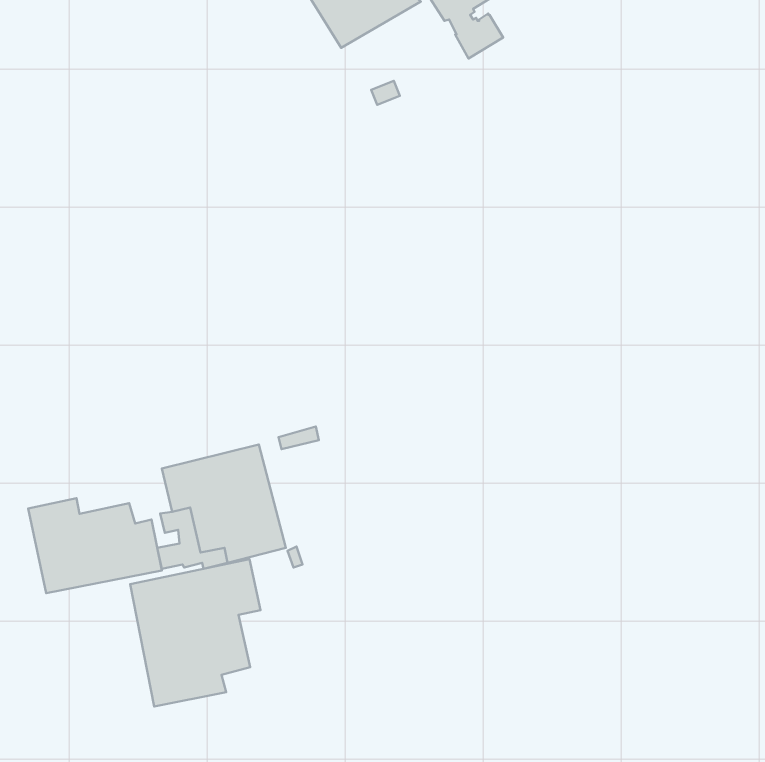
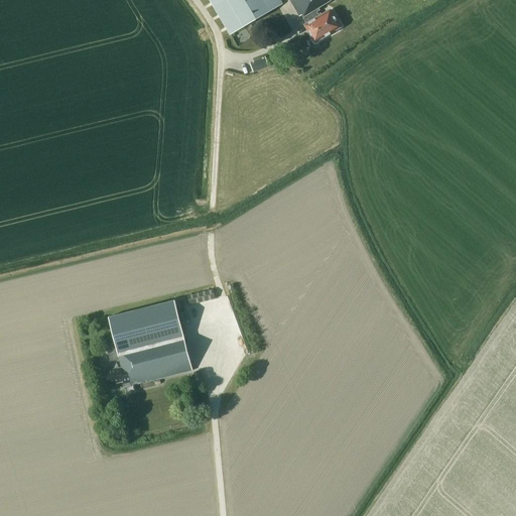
building: [28,498,162,593] -> none
building: [130,559,261,707] -> none

